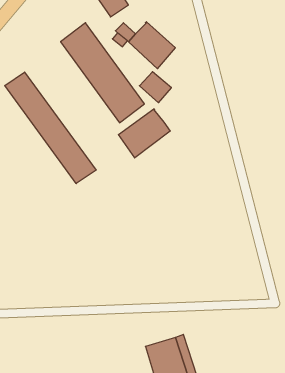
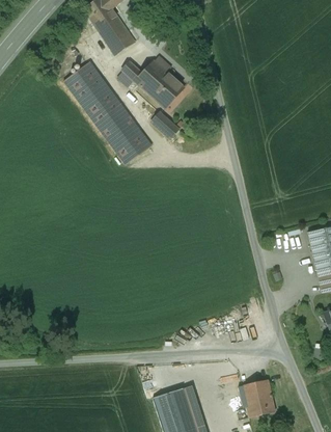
building: [5,72,96,184] -> none
building: [118,109,170,158] -> none
building: none -> [242,379,275,416]

